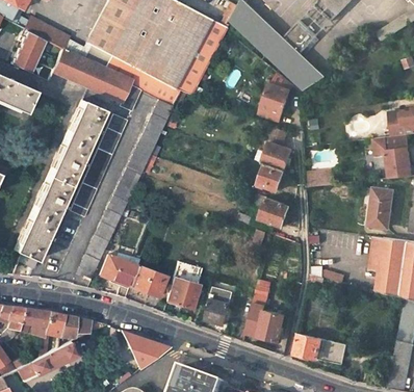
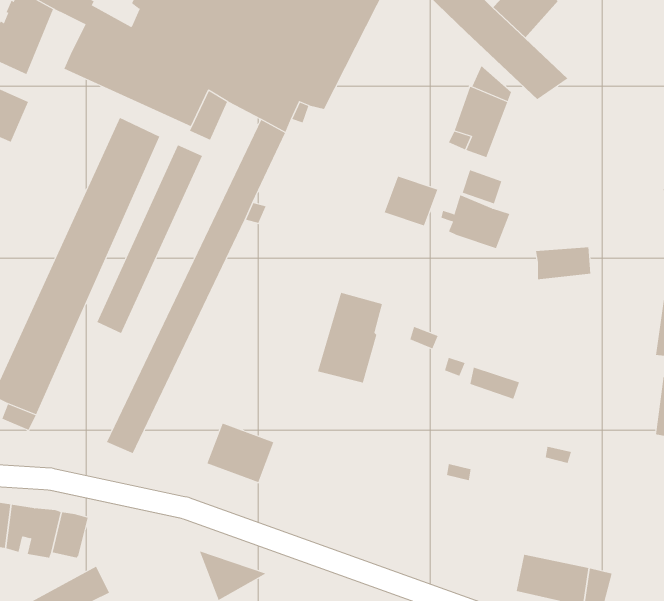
building: [255,162,284,189] -> [384,176,438,226]
building: [256,193,289,227] -> none
building: [98,252,136,285] -> none
building: [167,261,203,310] -> [317,292,383,383]
building: [205,297,232,324] -> none
building: [247,304,285,341] -> none
building: [59,314,89,335] -> none

